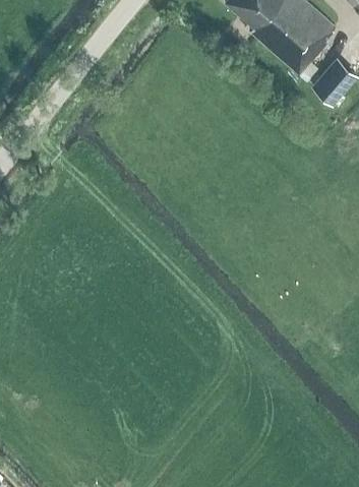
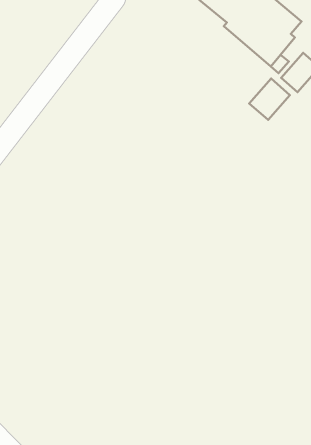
building: none -> [249,79,290,120]

